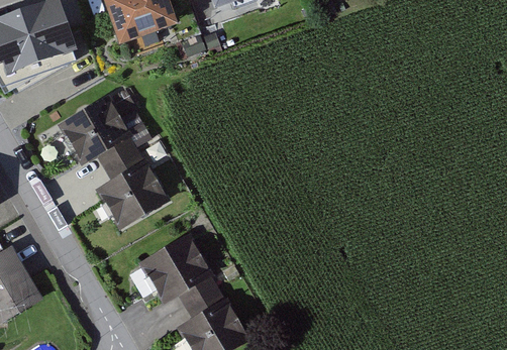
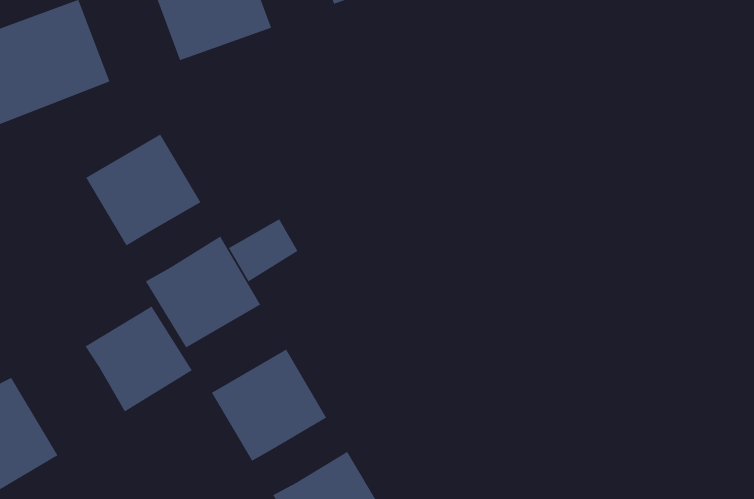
building: [99,134,144,176] -> [228,218,298,282]
building: none -> [85,306,193,412]
building: [181,272,226,314] -> none

